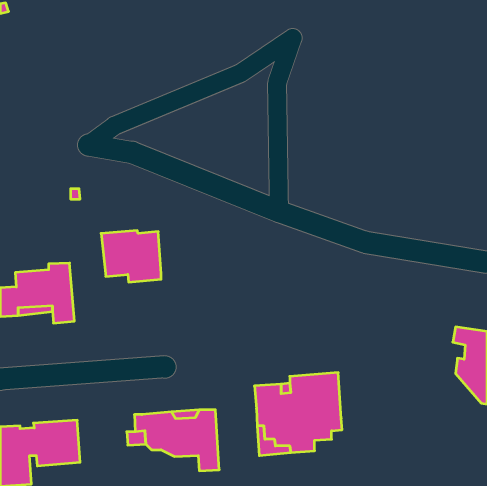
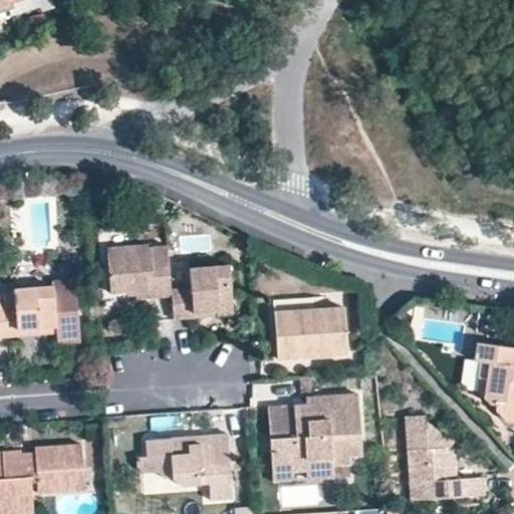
building: none -> [170,265,232,319]
building: none -> [274,305,349,355]
building: none -> [407,417,484,500]

